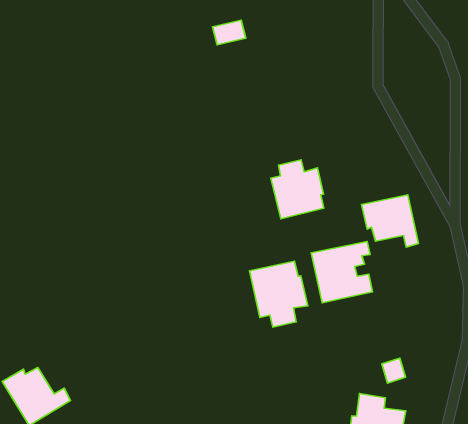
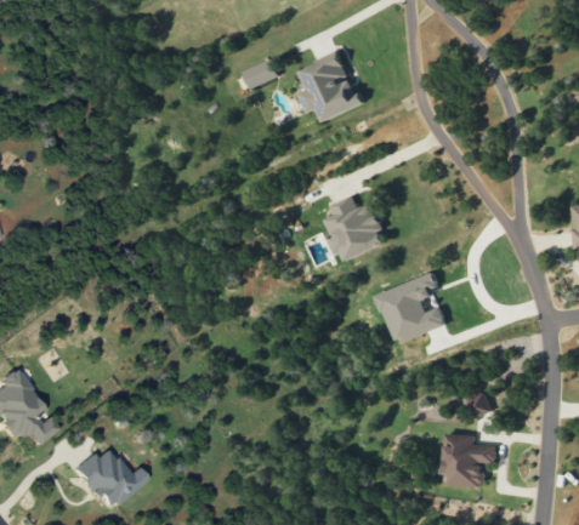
building: none -> [299,52,362,120]
building: [361,195,419,247] -> none
building: [250,261,308,327] -> none

